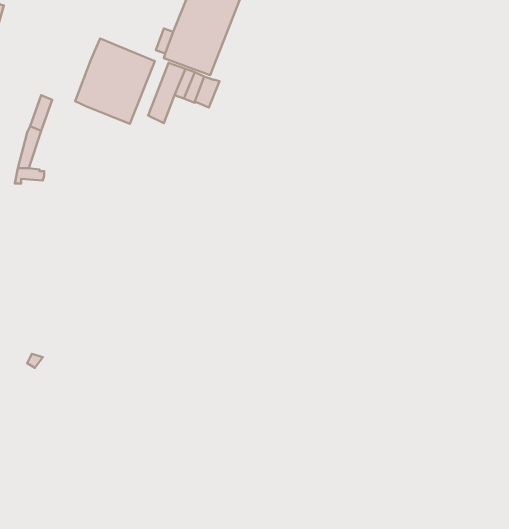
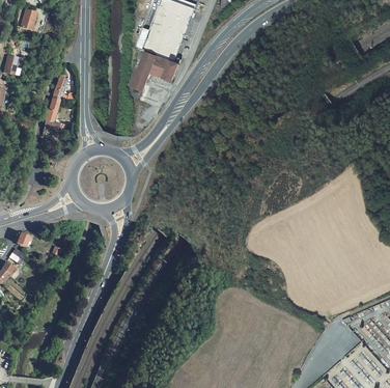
building: [75,39,155,124] -> none

